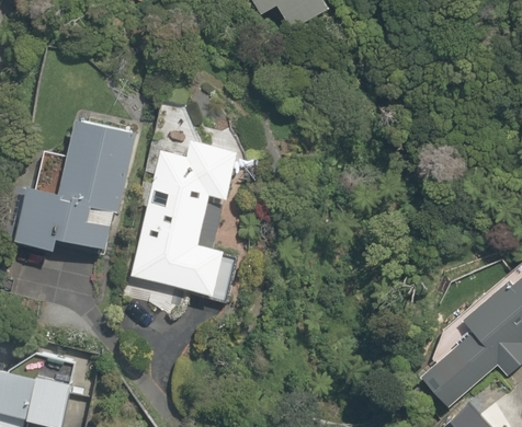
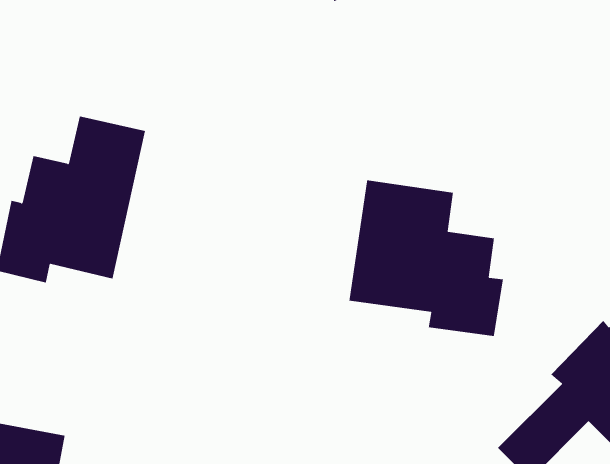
building: [135,141,237,293] -> none
building: none -> [349,180,503,337]

